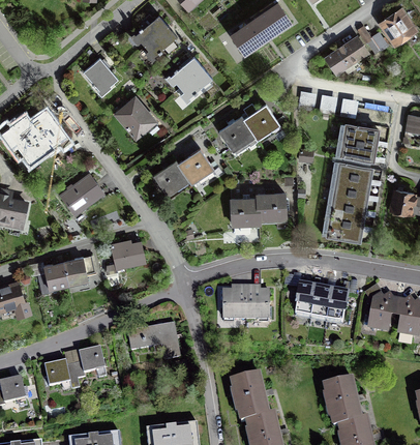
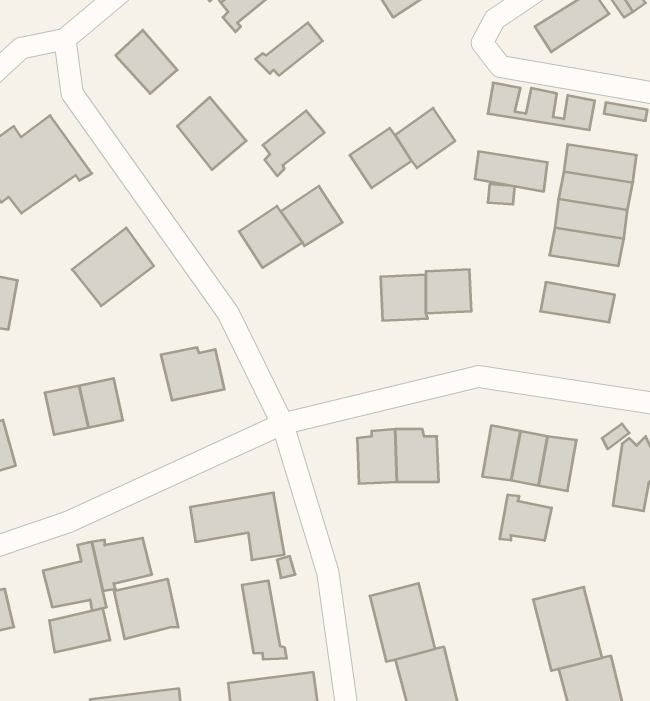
building: [177,65,212,102] -> [263,111,324,176]
building: [329,187,370,210] -> [475,152,547,191]
building: [324,219,365,241] -> none
building: none -> [500,495,552,541]
building: none -> [114,579,178,639]
building: none -> [242,581,287,659]
building: none -> [49,608,110,652]

